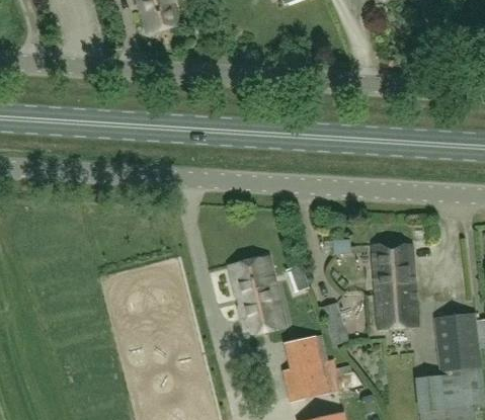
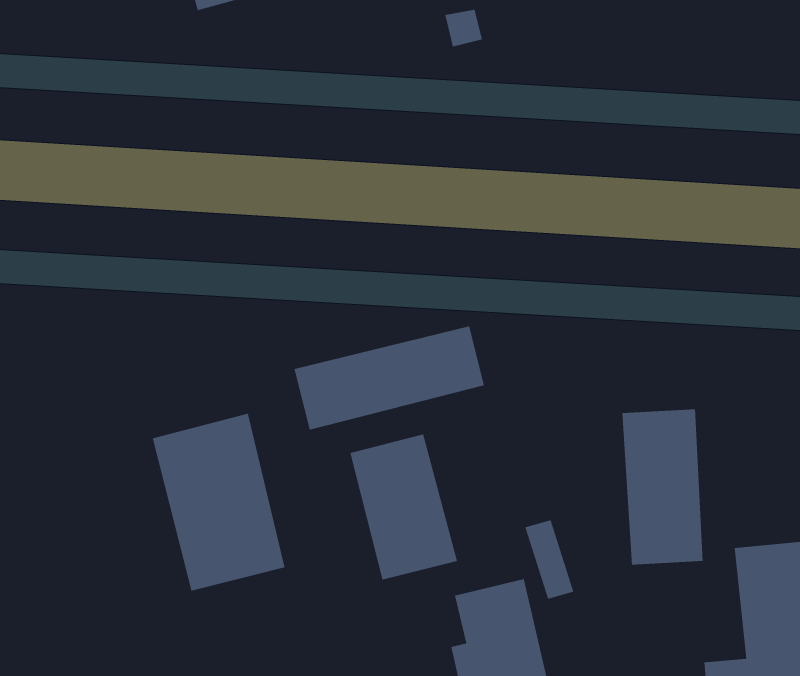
building: none -> [294,325,485,430]
building: none -> [152,413,285,591]

